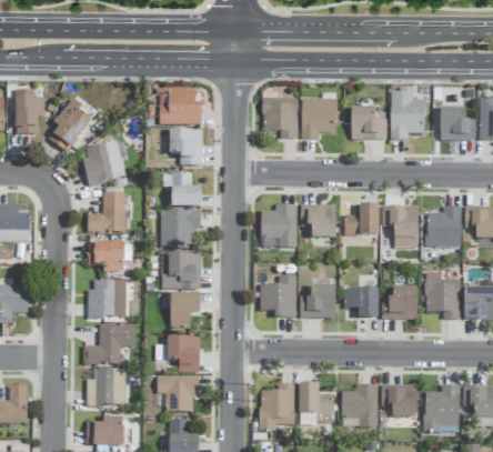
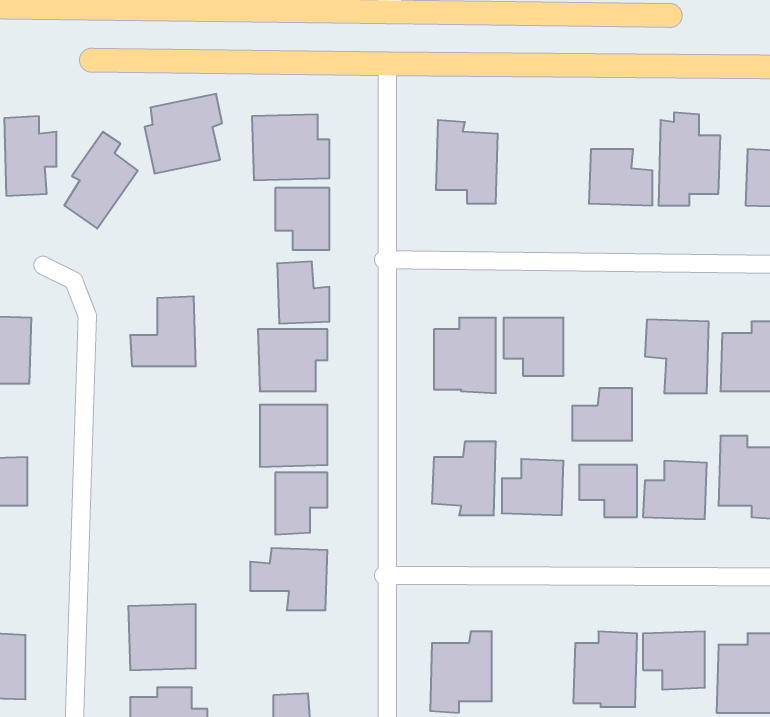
building: [301,99,336,139] -> none
building: [82,140,127,185] -> [145,94,222,173]
building: [344,205,379,235] -> [572,388,632,441]
building: [88,242,124,271] -> none
building: [88,280,125,318] -> none
building: [83,324,135,364] -> none
building: [157,375,199,412] -> none
building: [299,383,332,424] -> none

